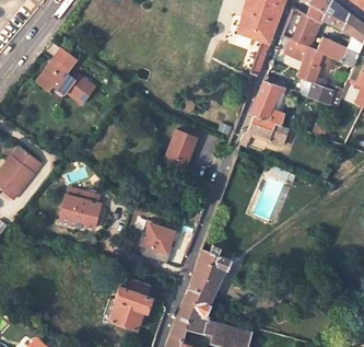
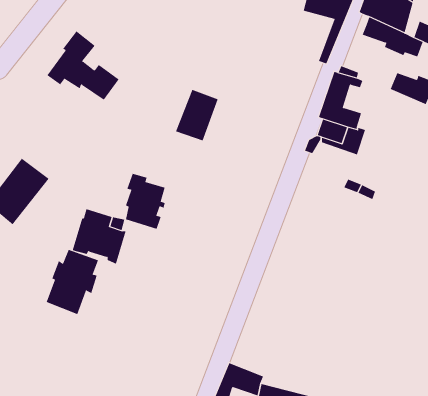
building: [298,62,330,95] -> none
building: [164,130,198,171] -> [175,89,218,141]
building: [141,221,173,265] -> [125,173,166,229]
building: [181,245,232,319] -> none
building: [109,278,151,329] -> [46,249,99,315]

